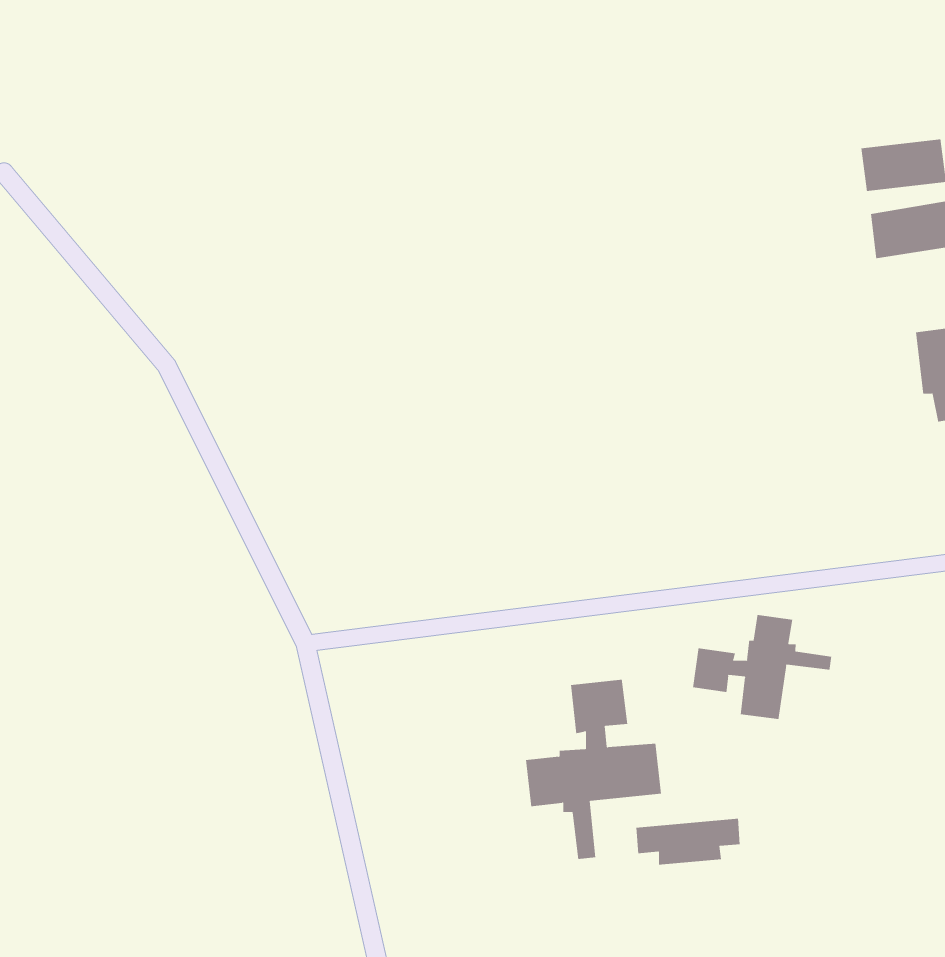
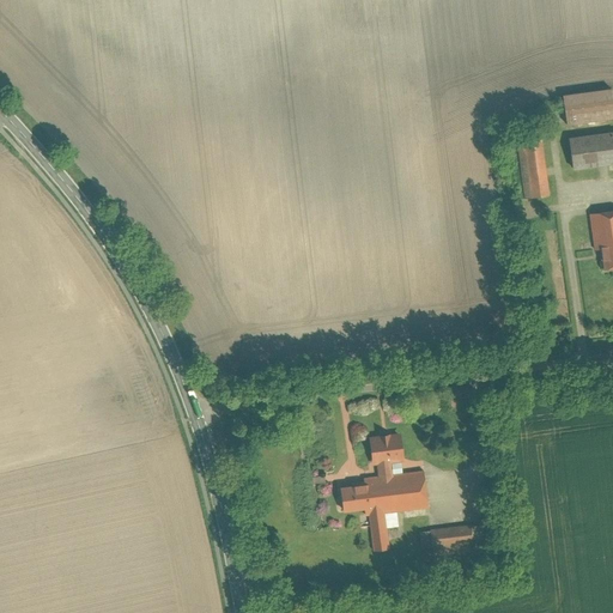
building: none -> [512,139,545,198]
building: [692,614,832,720] -> none

